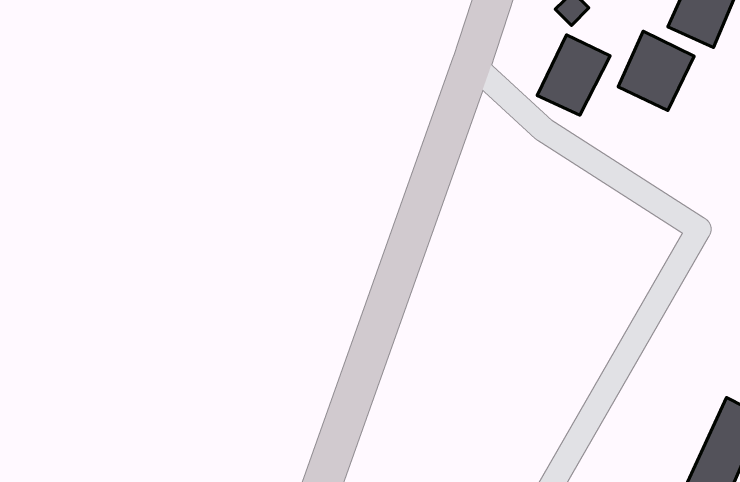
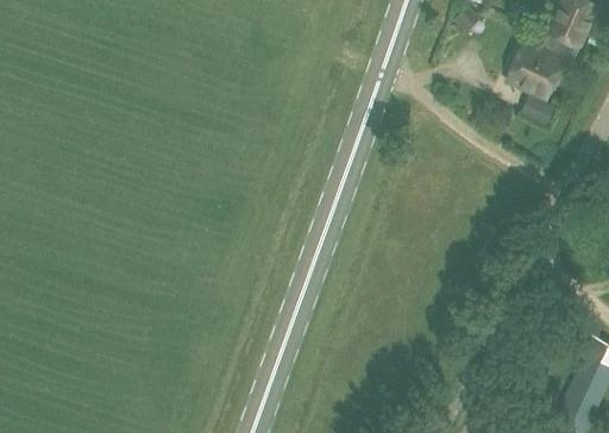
building: [537,35,610,115] -> none

